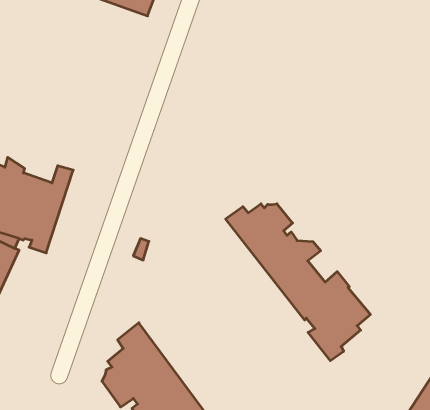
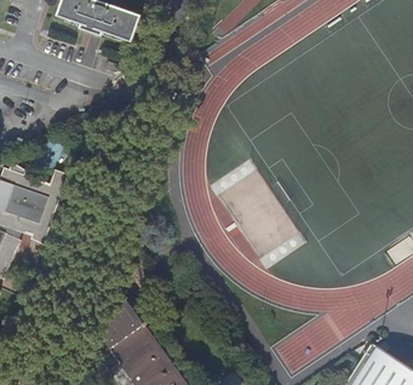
building: [226,204,370,361] -> none

